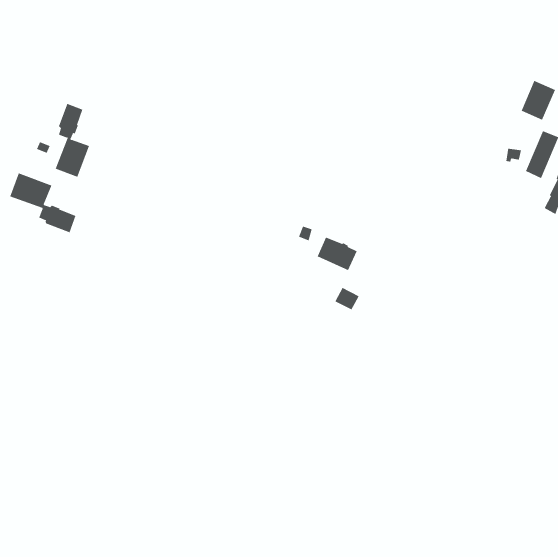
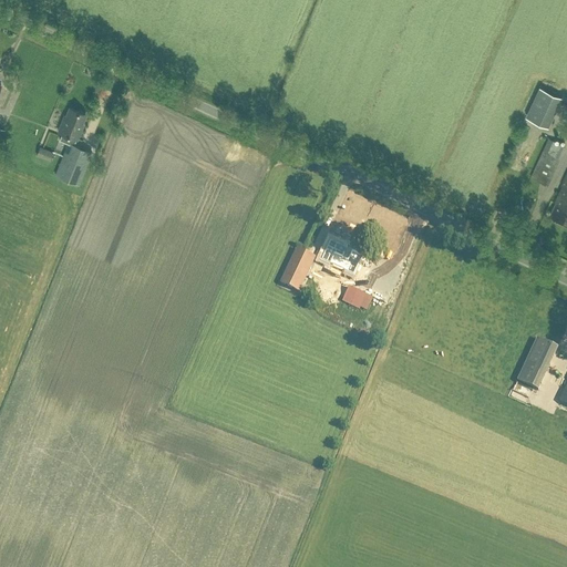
building: [9,172,76,233] -> none
building: none -> [281,248,311,290]
building: none -> [518,337,559,389]

